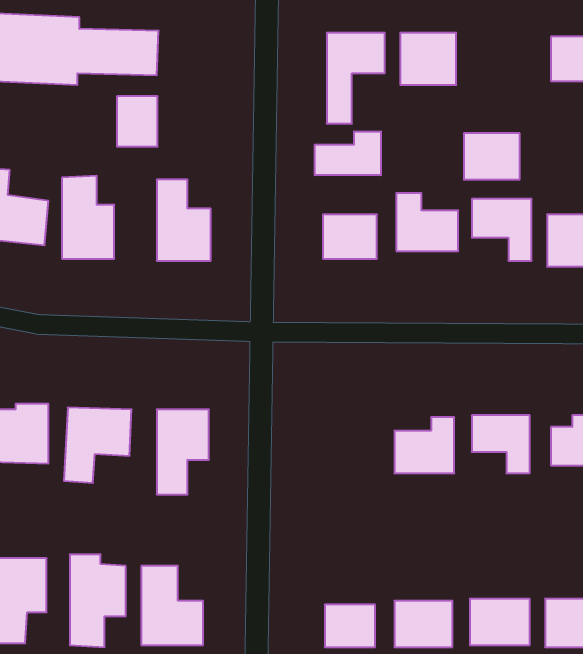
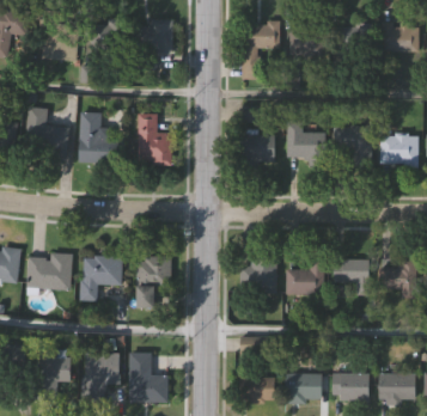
building: [117,96,158,147] -> [147,19,172,50]
building: [315,131,381,175] -> none
building: [464,133,520,180] -> [336,25,371,54]
building: none -> [238,259,275,290]

